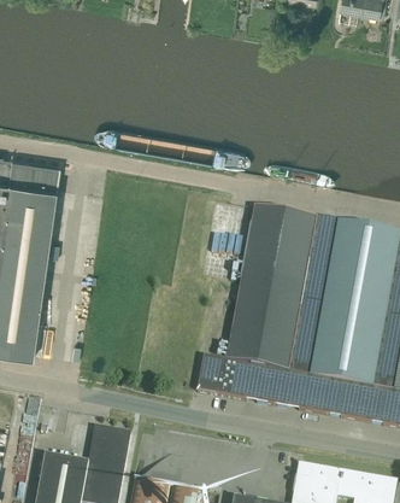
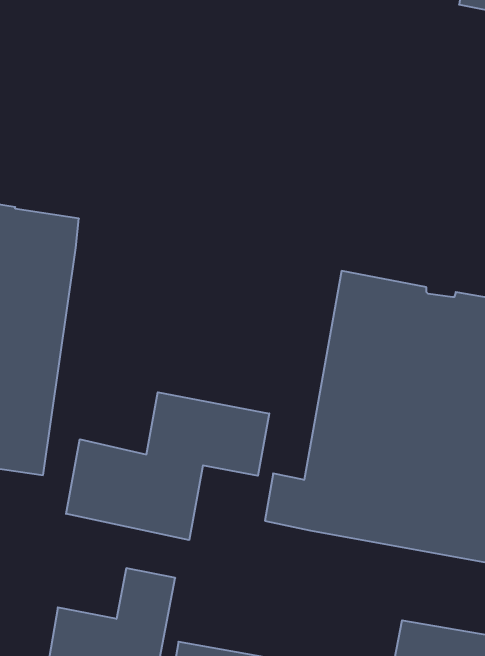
building: none -> [66,392,269,540]

